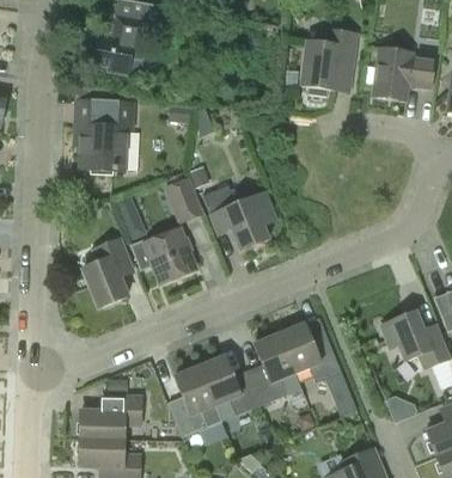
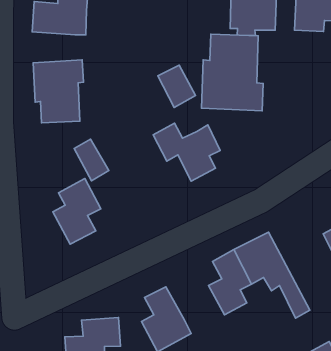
building: none -> [202,34,263,111]
building: [164,177,203,223] -> [158,65,195,107]
building: [129,228,194,282] -> none
building: [198,355,261,415] -> none

